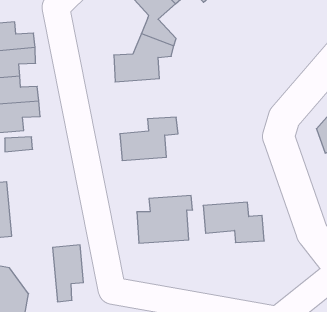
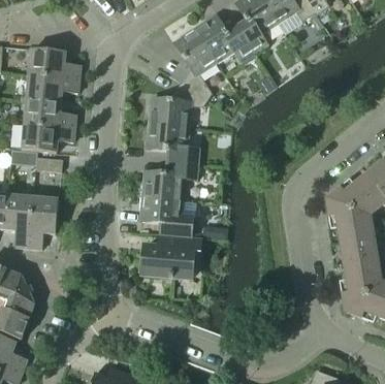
building: none -> [146,122,199,164]
building: [203,202,264,243] -> [139,195,194,237]
building: [53,245,83,302] -> [28,196,58,248]

